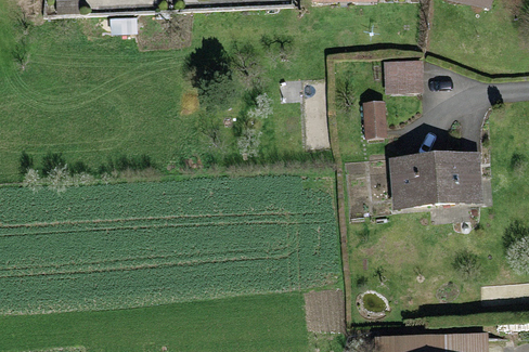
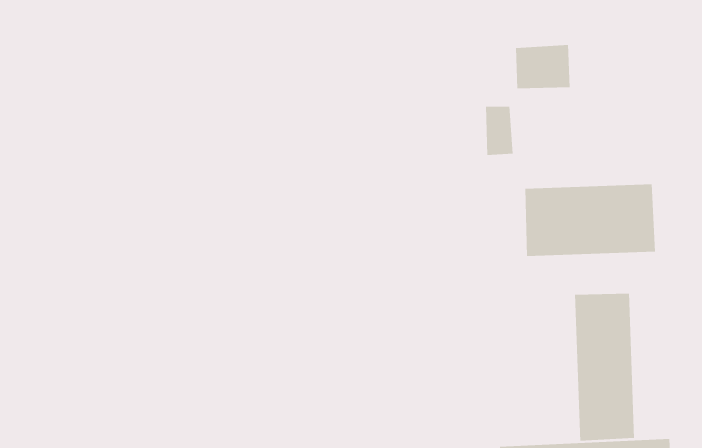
building: none -> [574,293,635,442]

